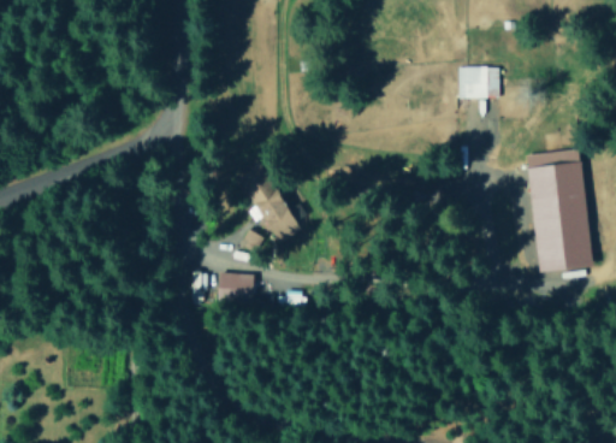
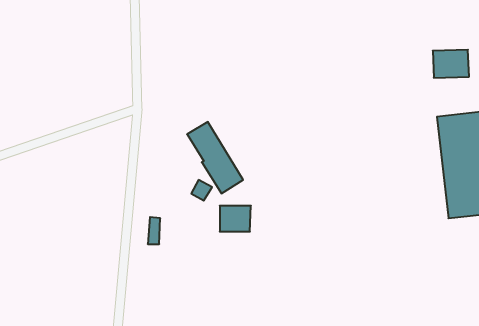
building: [457,66,499,99] -> [433,50,469,78]
building: [218,273,254,303] -> [220,206,251,232]

